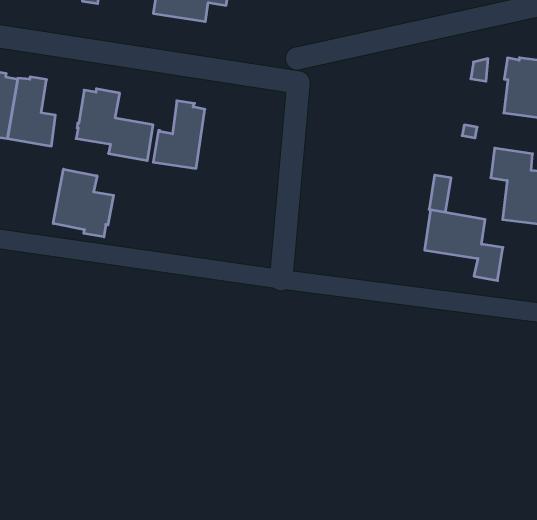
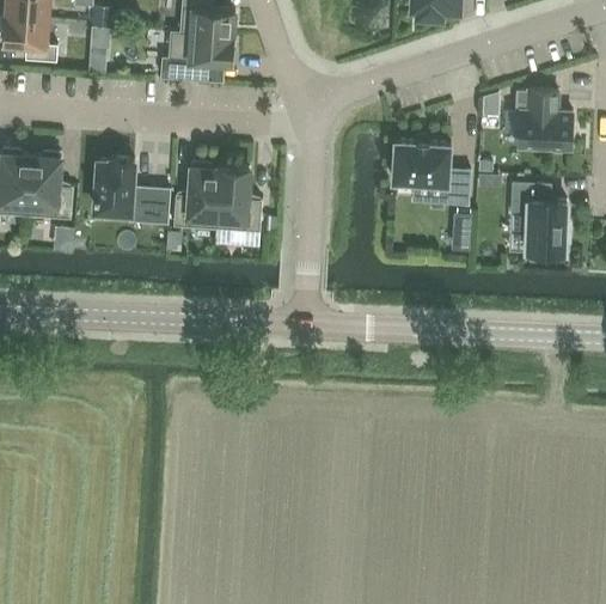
building: none -> [216,166,261,232]
building: [53,169,114,237] -> none
building: [425,210,503,281] -> [392,140,470,205]

